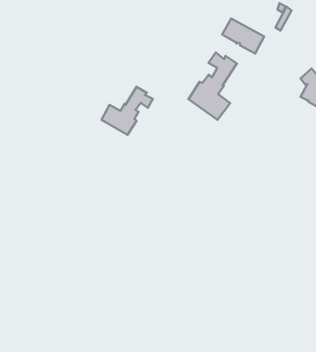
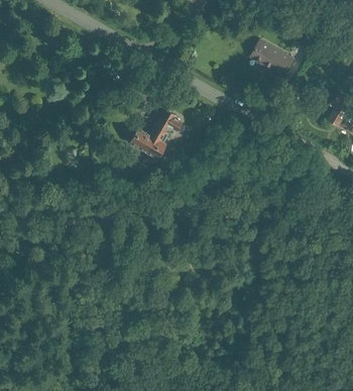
building: [188,52,237,120] -> none

